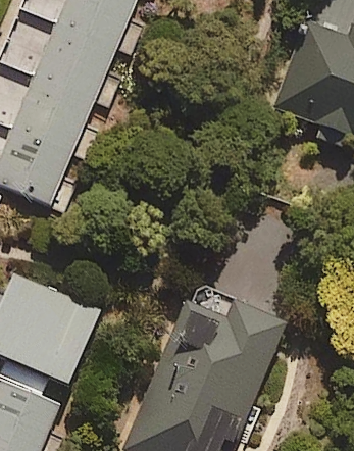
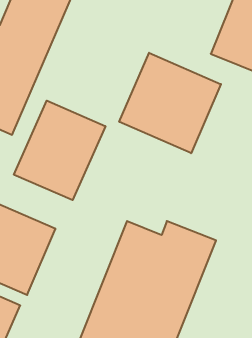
building: none -> [119,53,221,153]
building: none -> [14,101,105,200]

